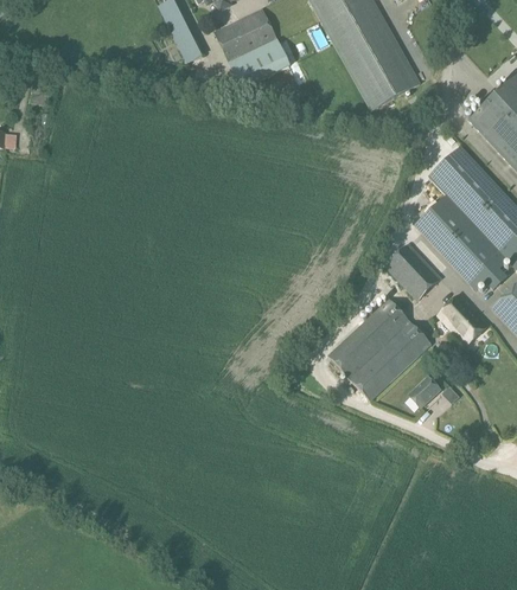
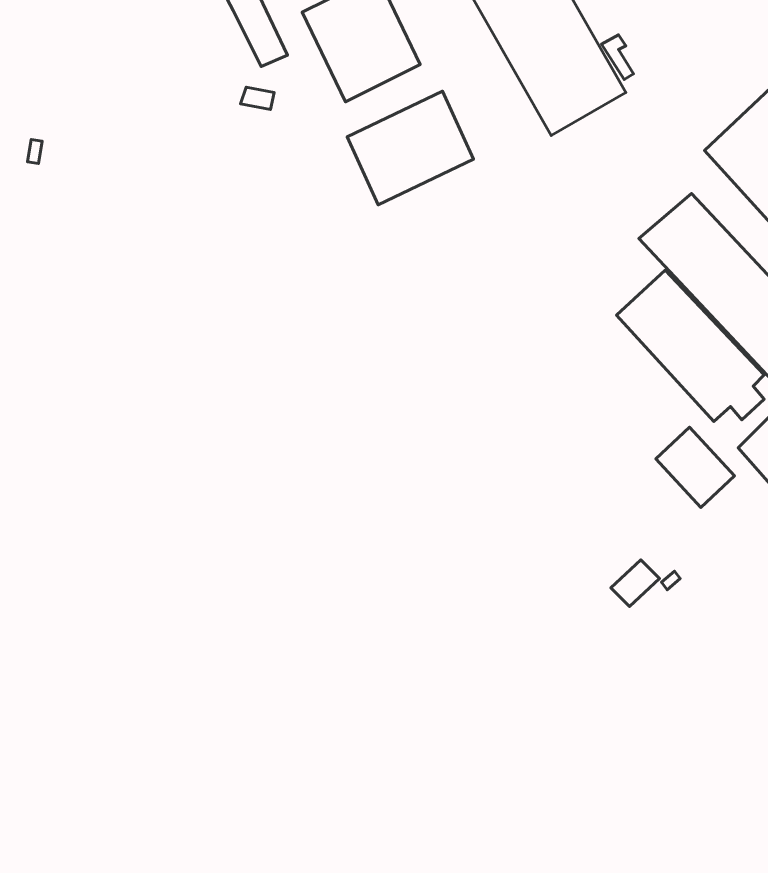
building: none -> [347,91,474,205]
building: [384,243,441,300] -> none
building: [328,297,432,400] -> none

